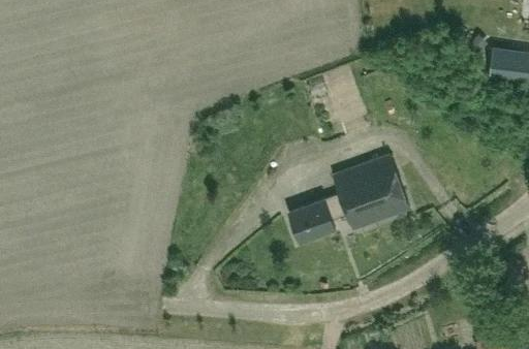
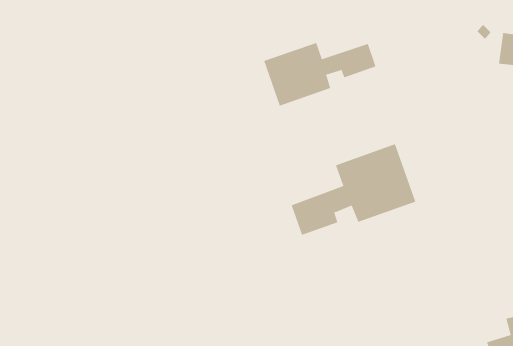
building: none -> [264,42,376,106]

